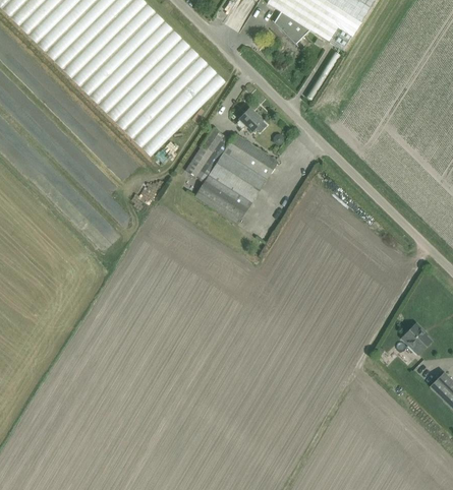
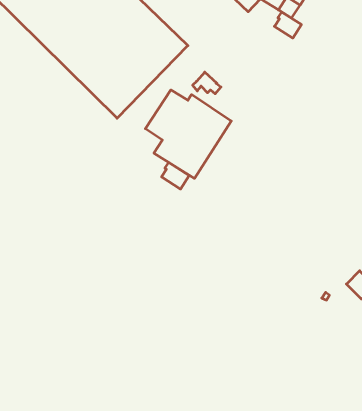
building: none -> [274,12,301,38]
building: none -> [162,162,189,189]

